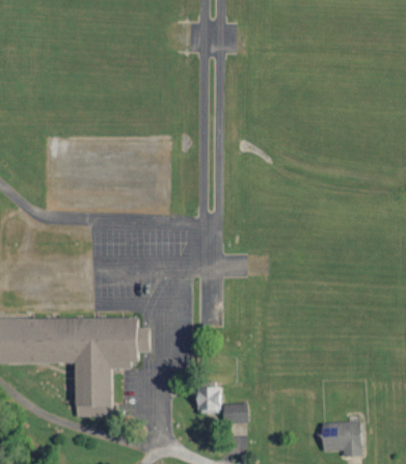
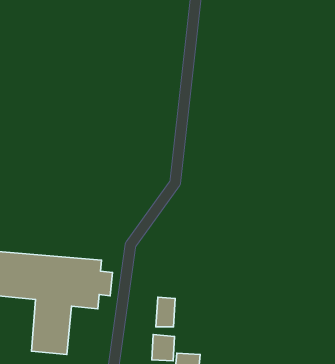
building: none -> [156,297,175,327]

